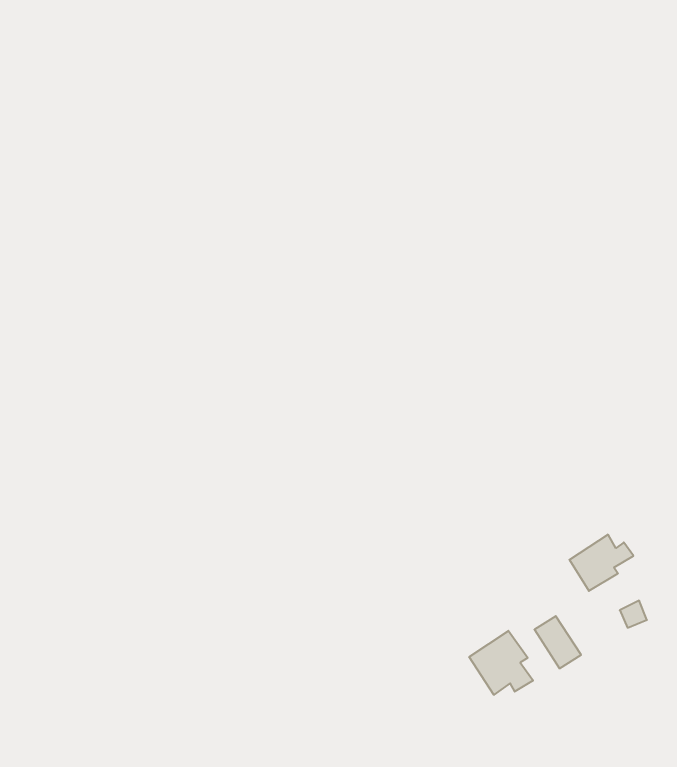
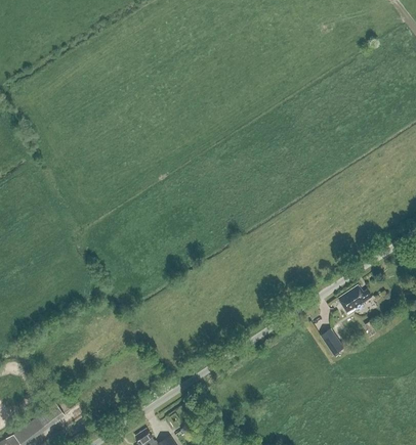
building: [469,631,533,695] -> none

